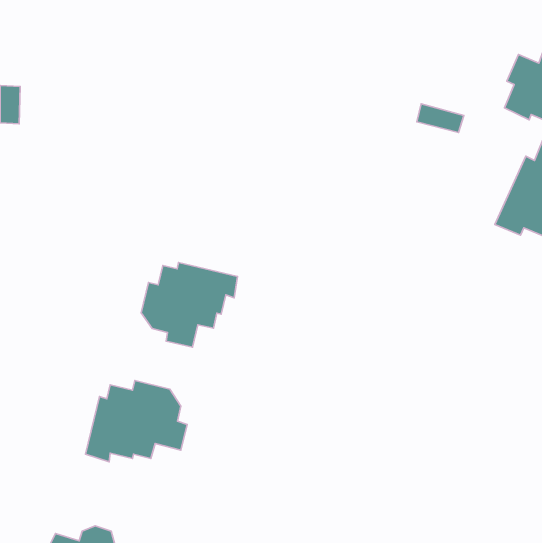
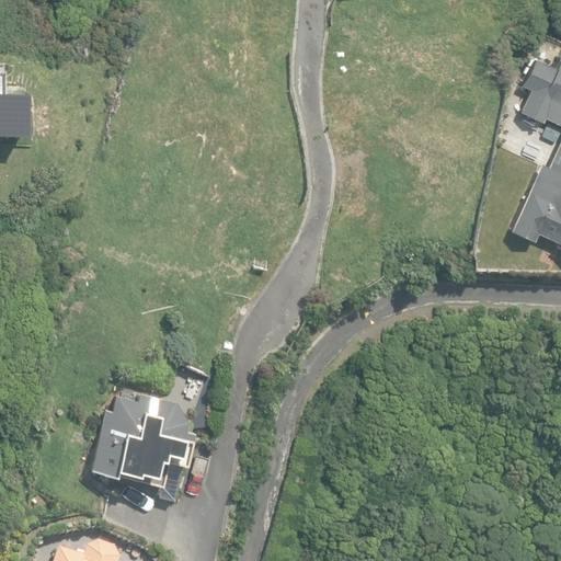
building: [141,262,238,347] -> none

